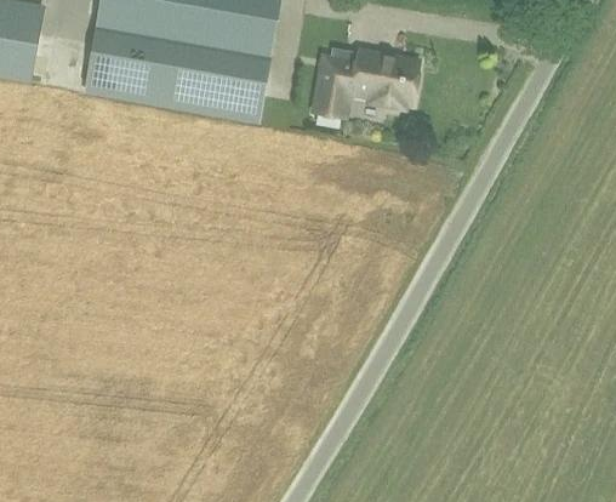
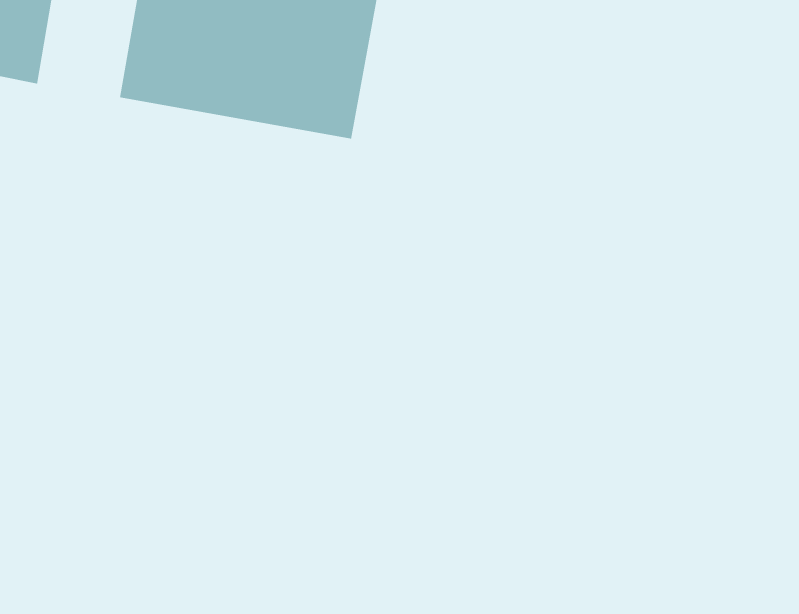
building: [314,50,418,118] -> none

